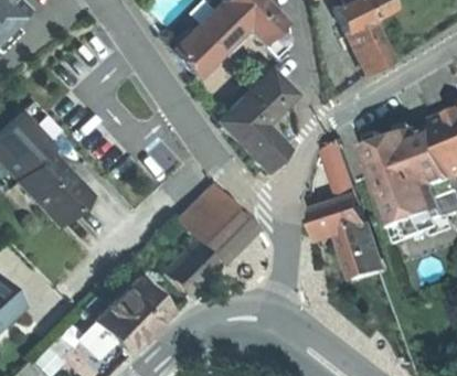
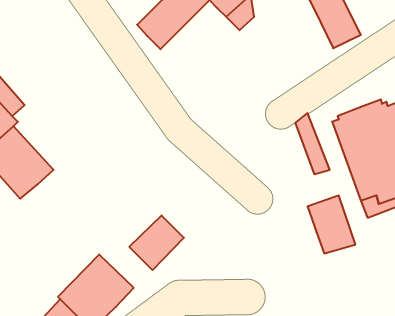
building: [217,71,294,170] -> none
building: [178,184,256,262] -> none
building: [318,195,373,237] -> none

